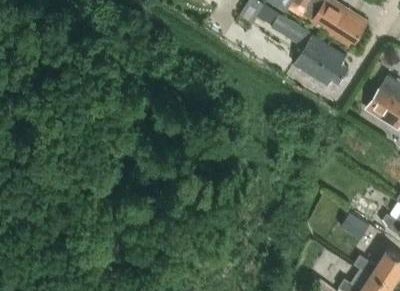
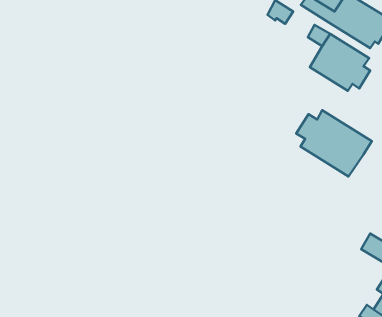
building: none -> [296,110,372,177]

